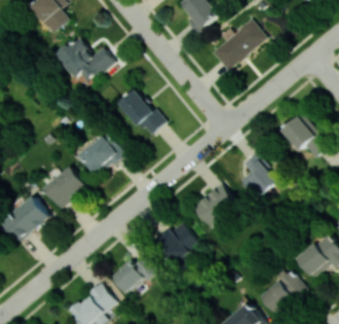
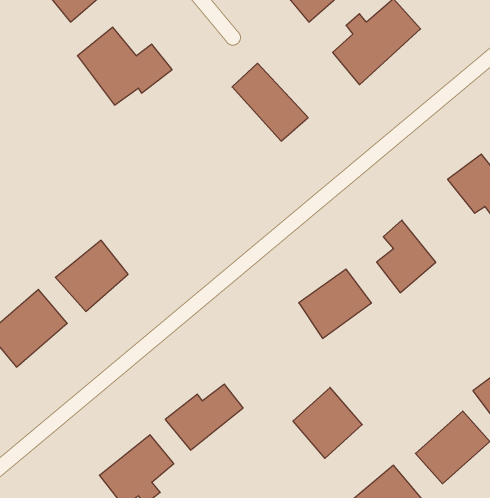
building: [119,89,165,137] -> [232,63,308,141]
building: [80,134,124,177] -> none
building: [157,221,199,264] -> [293,387,362,458]

